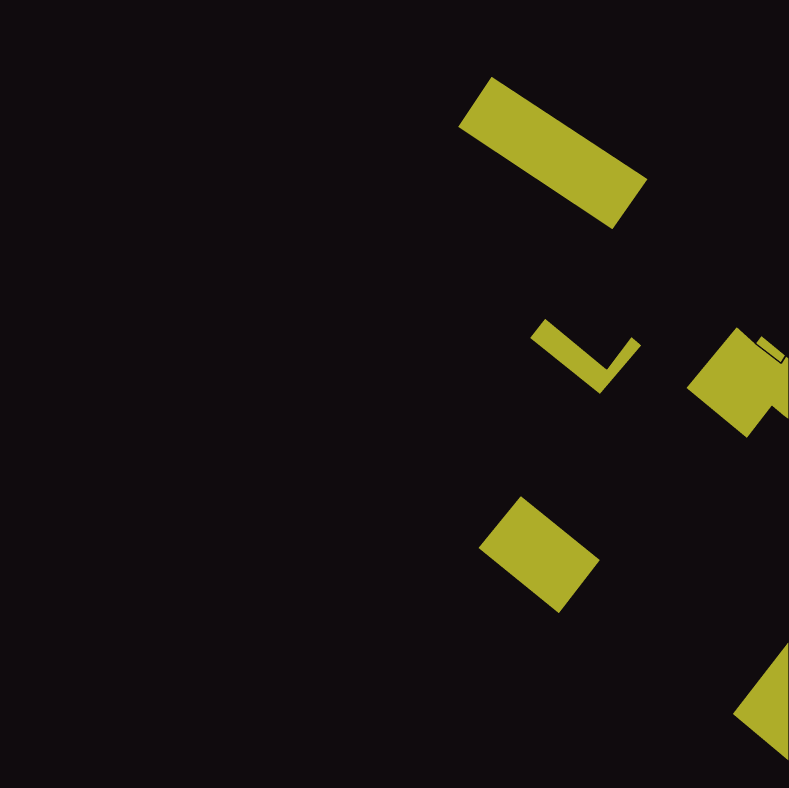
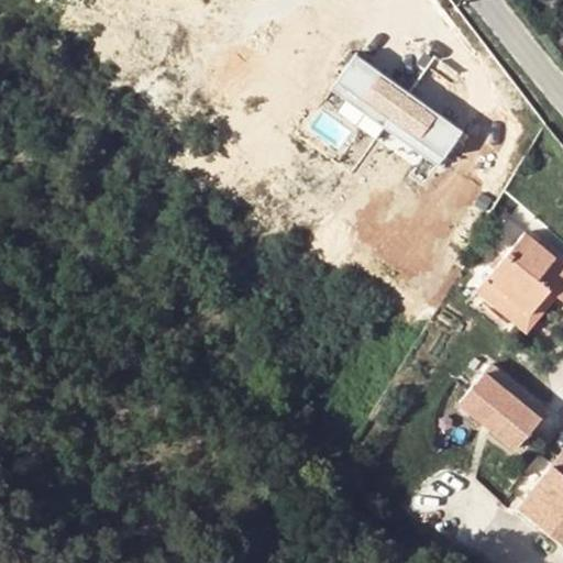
building: [529,318,642,395] -> [477,277,558,332]
building: [477,495,601,614] -> [459,368,547,453]

